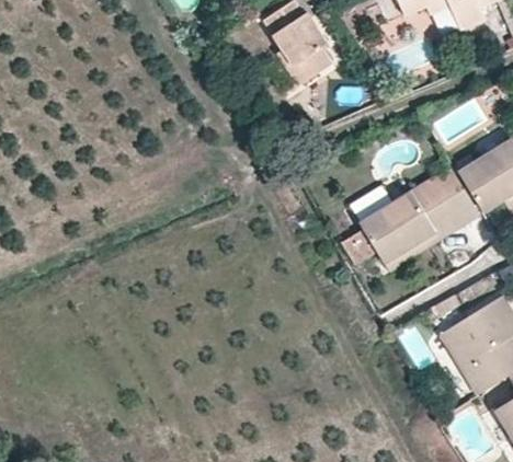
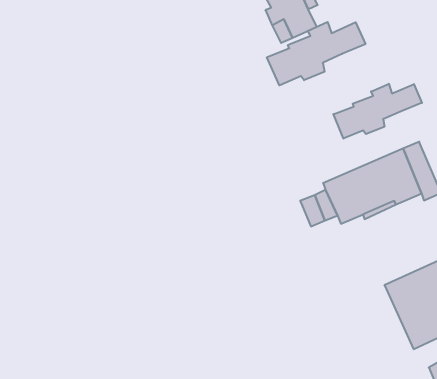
building: none -> [267,22,365,85]
building: none -> [333,84,422,139]

